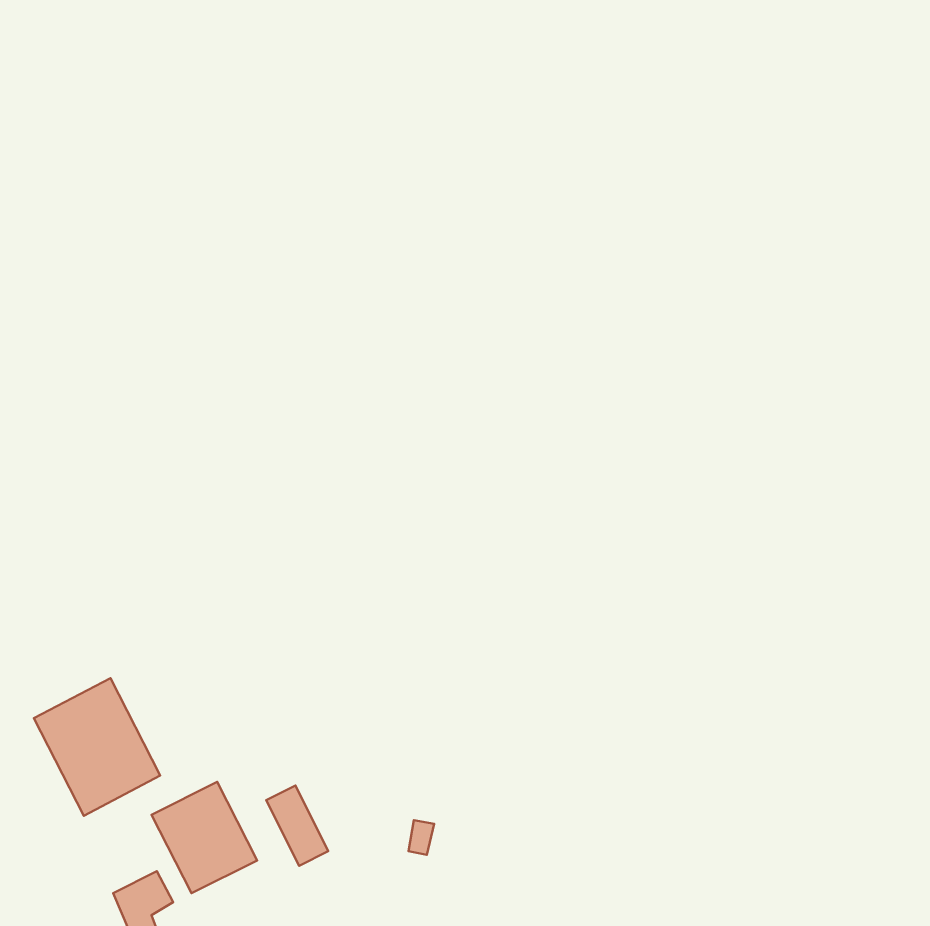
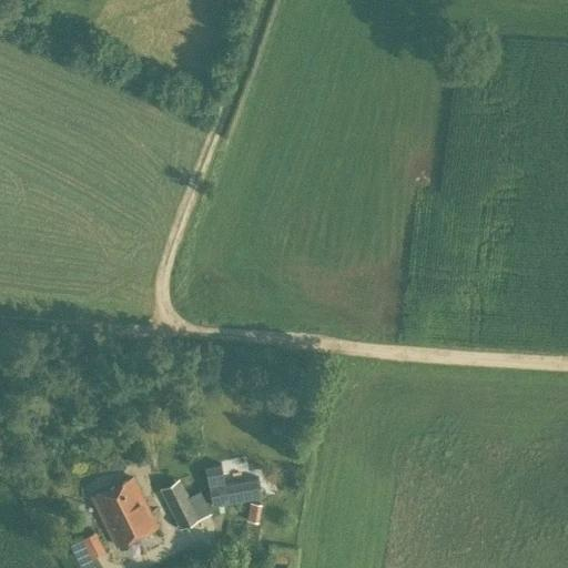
building: [34,678,160,816] -> none
building: none -> [206,467,263,507]

